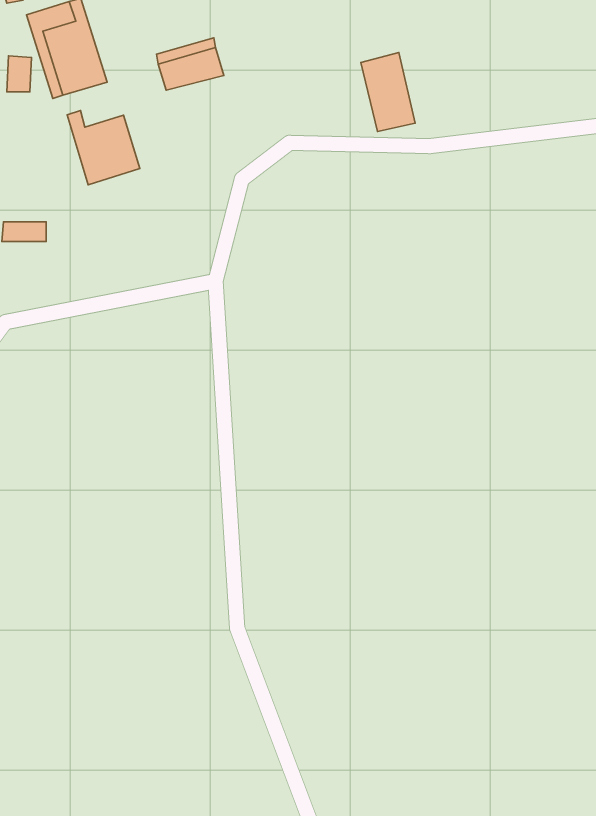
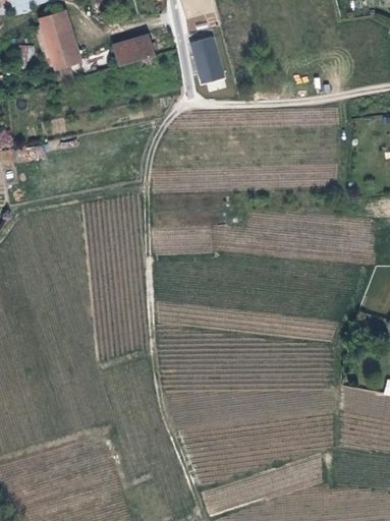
building: [361,53,415,131] -> [190,35,224,83]
building: [67,110,140,185] -> none

